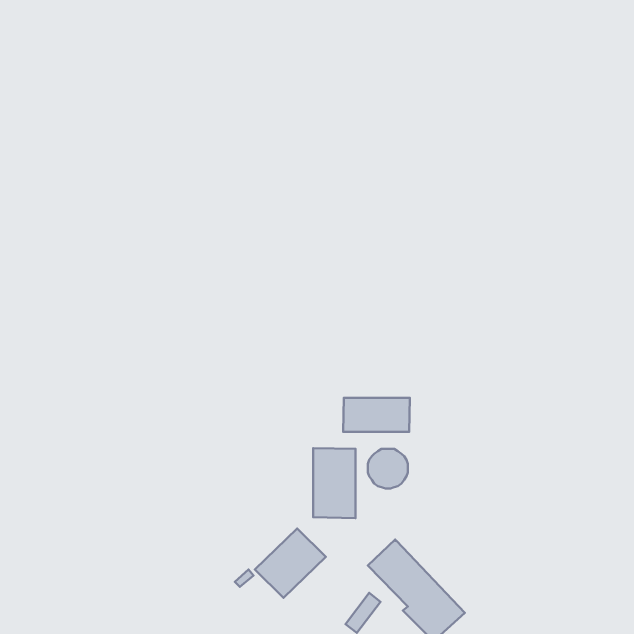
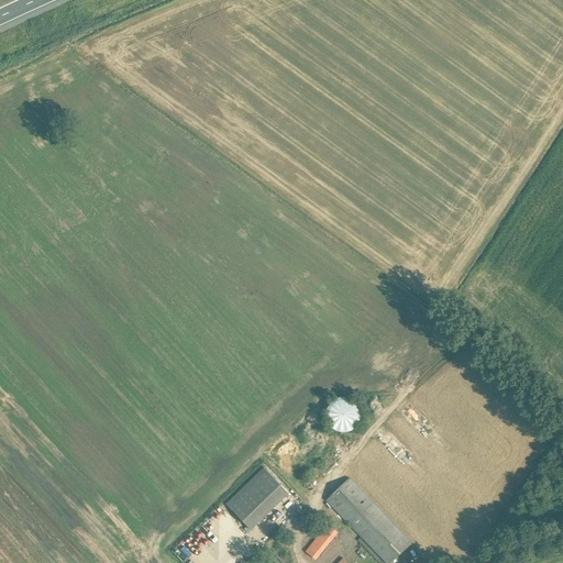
building: [343,398,410,432] -> none
building: [313,448,355,518] -> none

